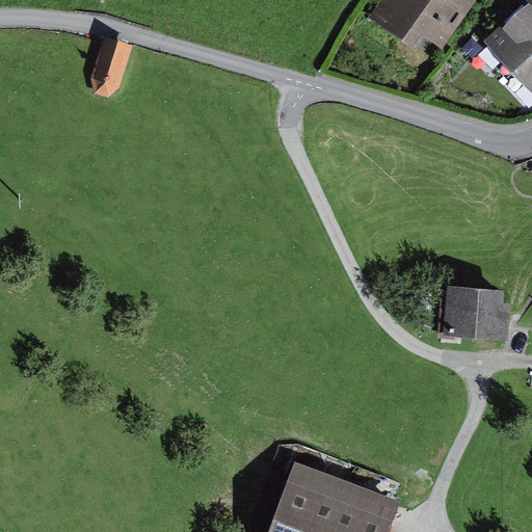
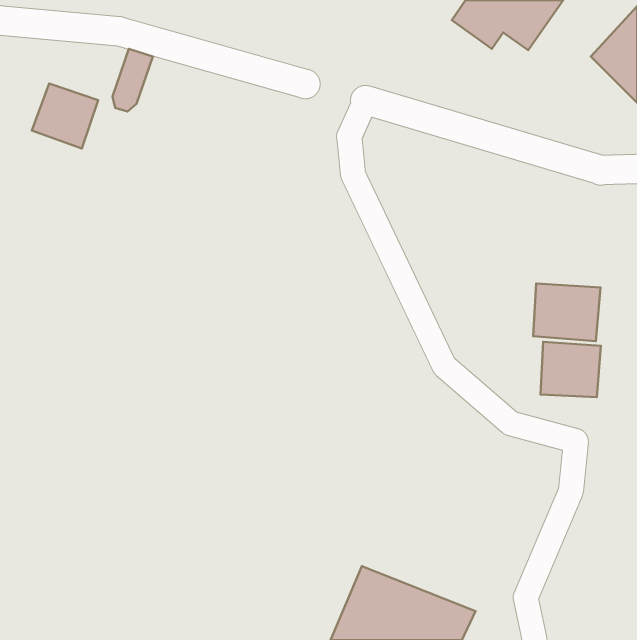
building: none -> [32,84,98,149]
building: none -> [533,283,601,341]

